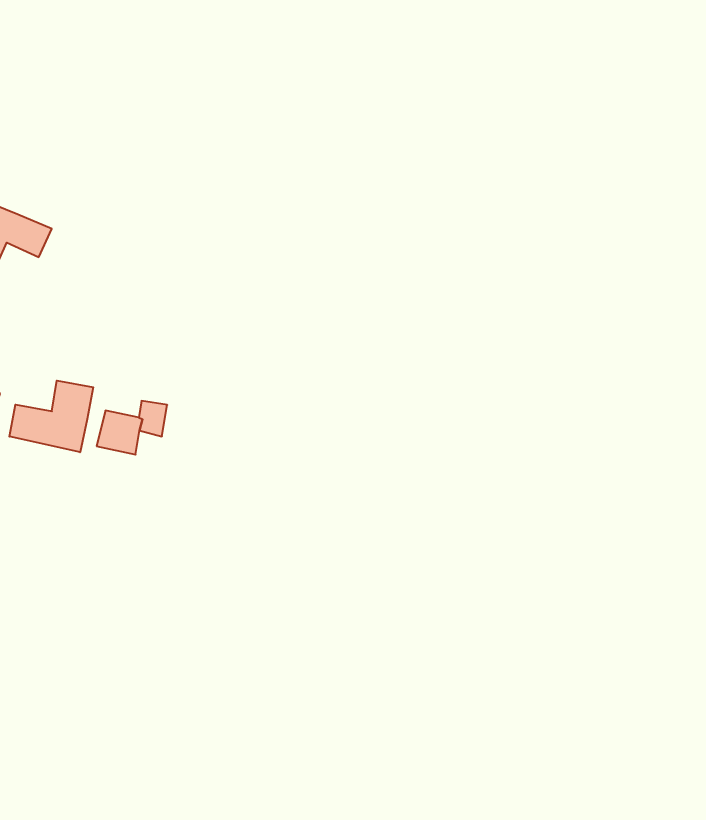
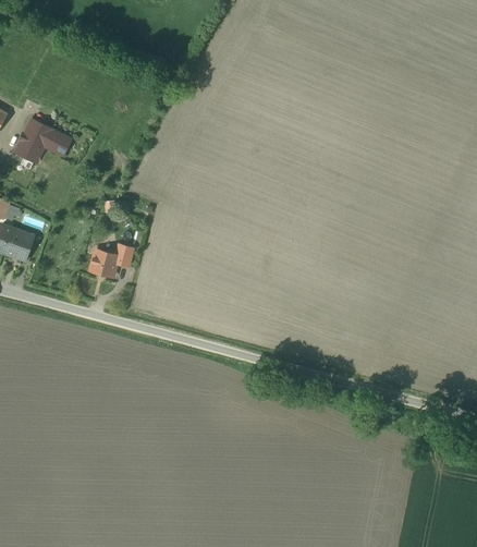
building: [9,381,93,452] -> none

